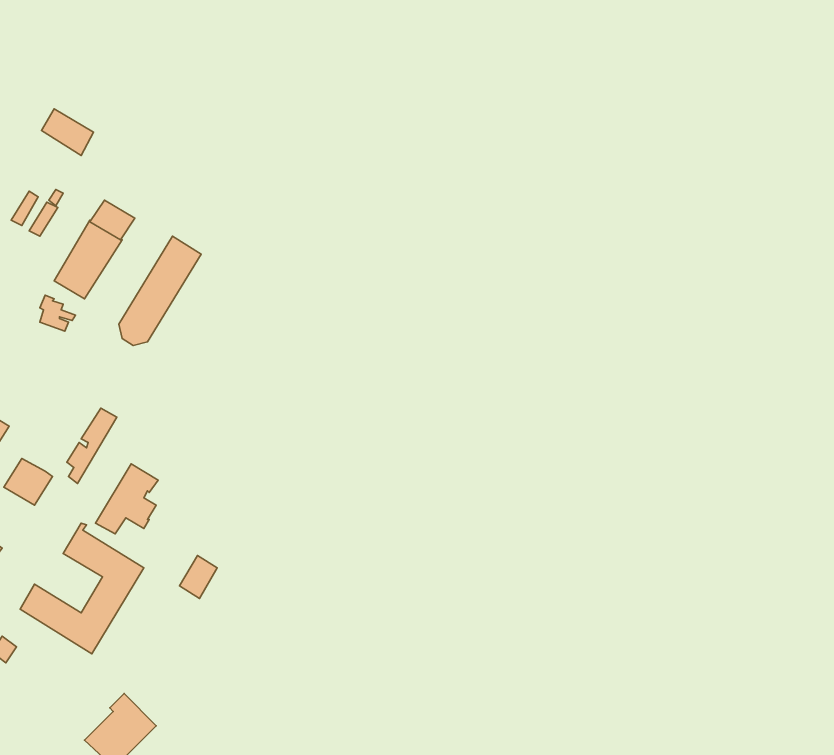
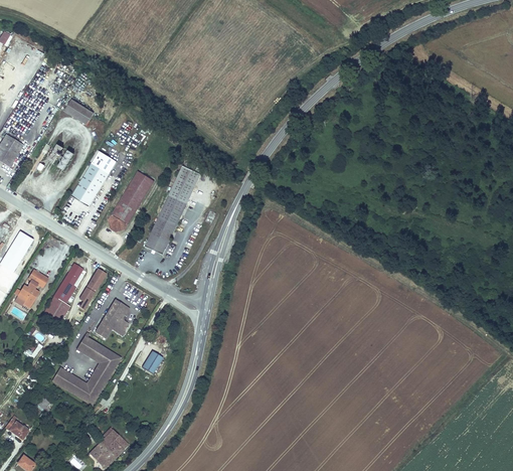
building: none -> [145,167,200,256]
building: none -> [53,263,83,303]

